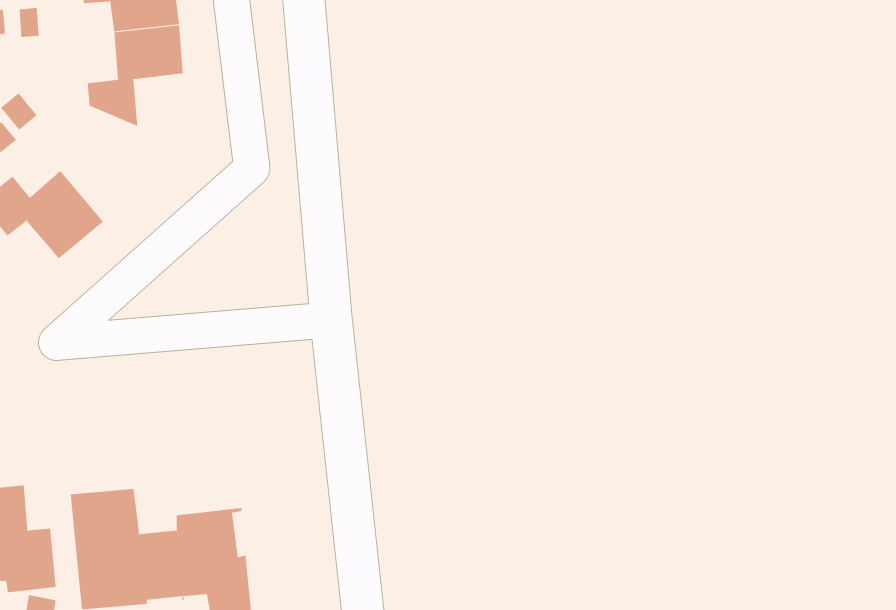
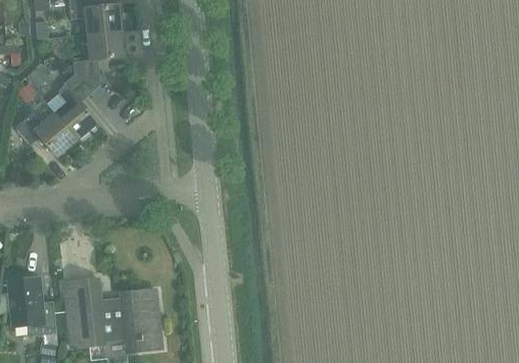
building: none -> [59,73,101,135]

